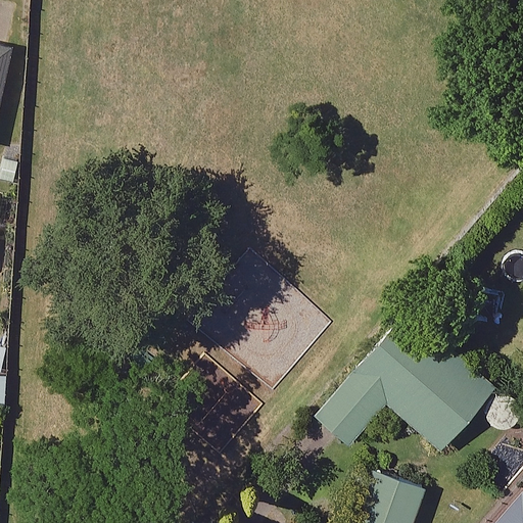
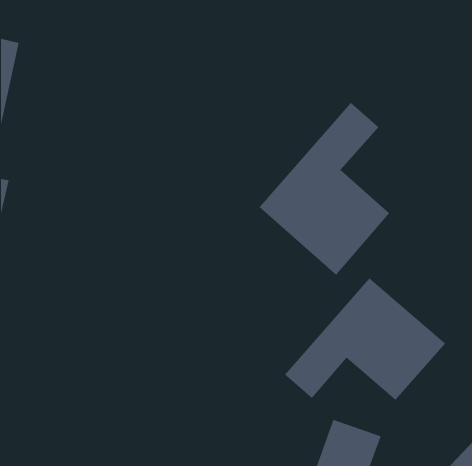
building: none -> [259,102,390,275]

